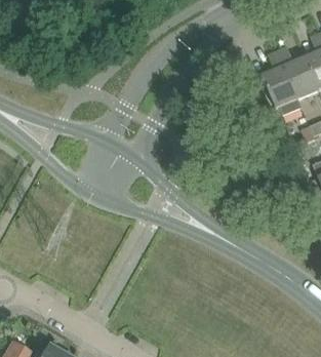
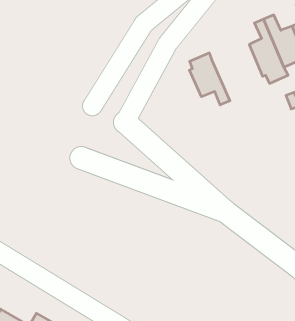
building: none -> [189,53,230,105]

